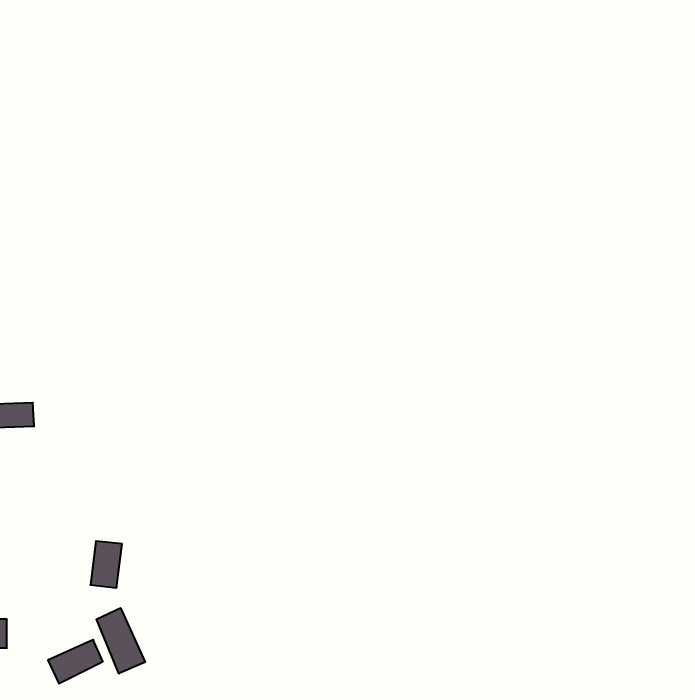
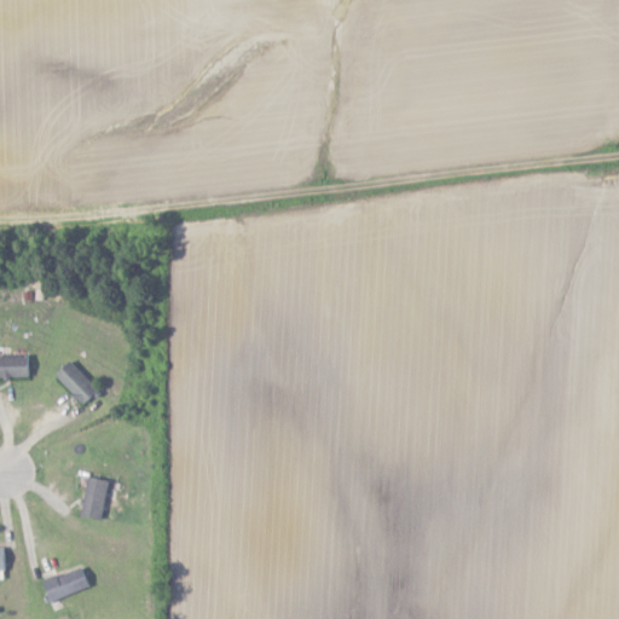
building: none -> [54,359,99,405]
building: [96,608,145,674] -> none

